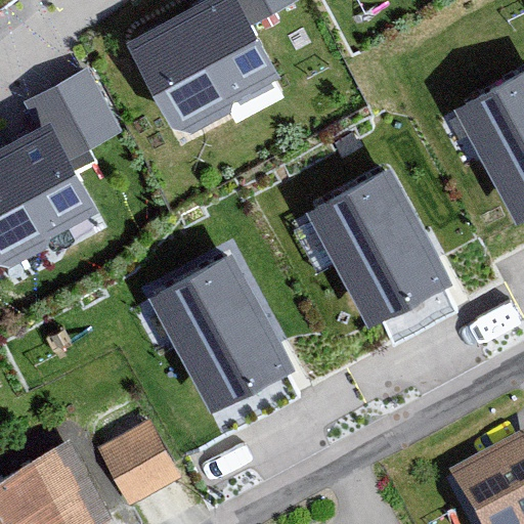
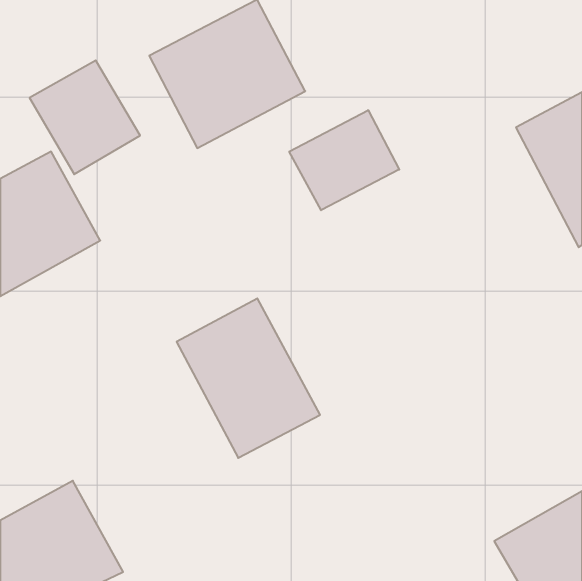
building: none -> [289,110,399,210]
building: [315,181,443,324] -> none
building: [92,418,184,510] -> none

